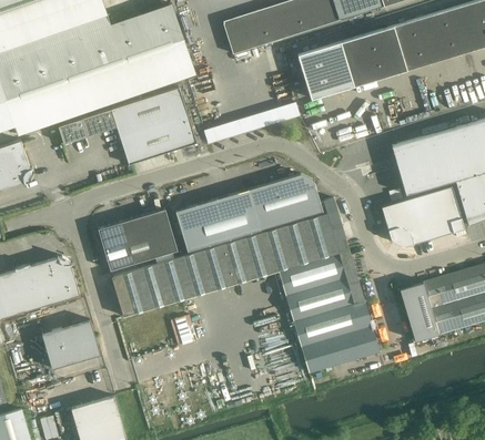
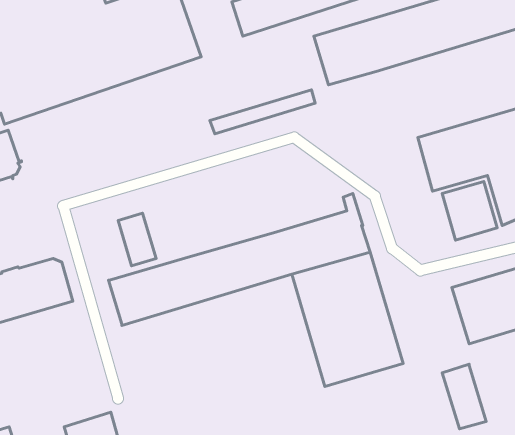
building: [58,88,196,164] -> none
building: [175,174,327,254] -> none
building: [381,197,426,246] -> none
building: [142,208,176,256] -> none
building: [98,222,132,269] -> none
building: [398,282,438,340] -> [442,364,486,429]
building: [42,320,100,368] -> none

